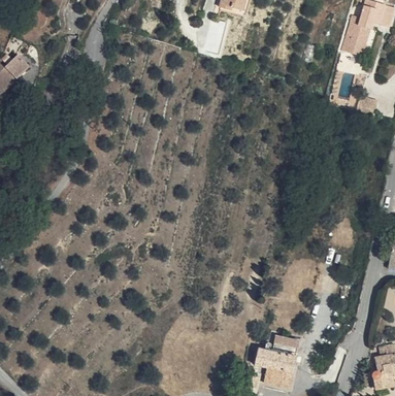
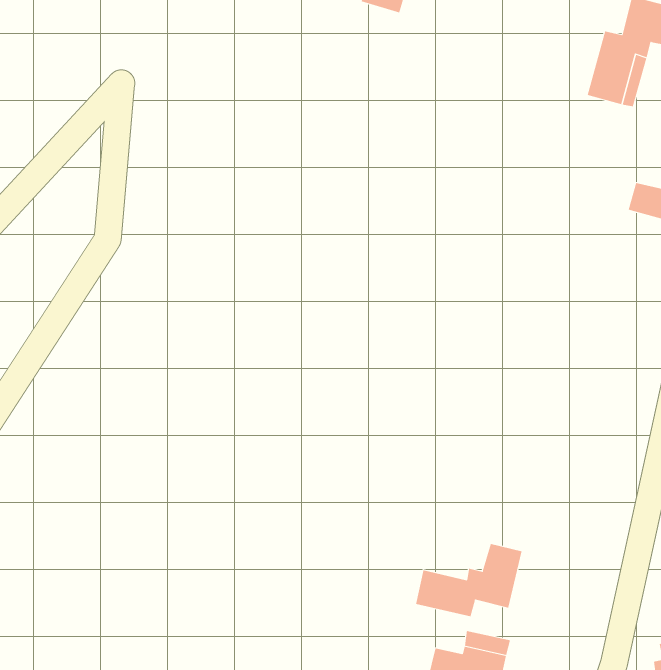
building: none -> [415,543,522,617]

